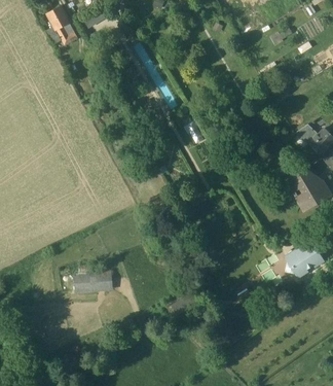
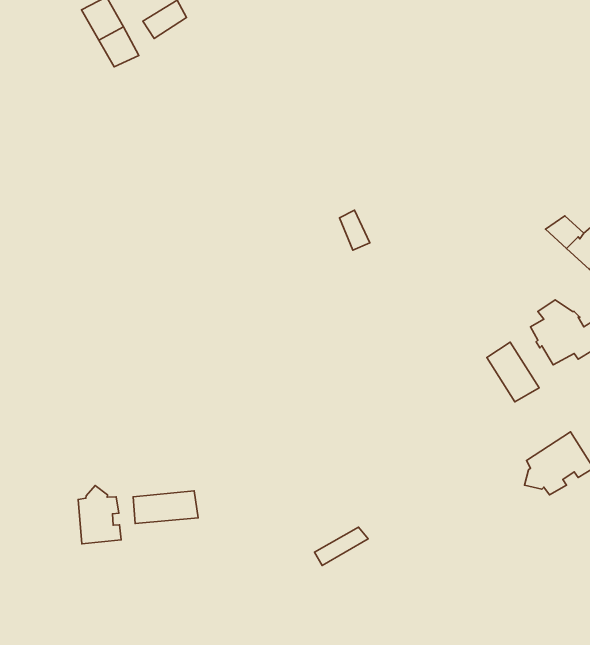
building: none -> [487,342,539,402]
building: none -> [78,485,121,544]

